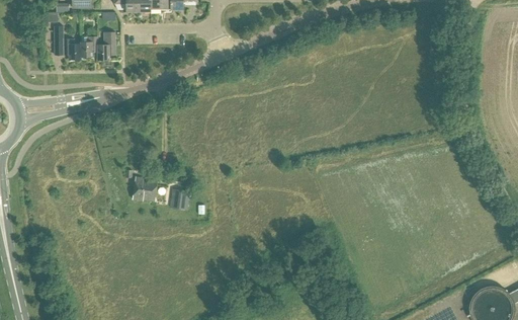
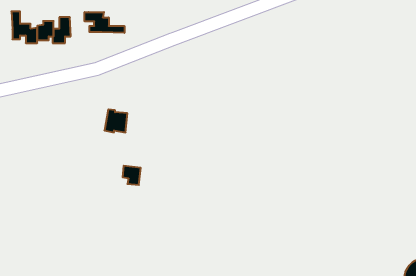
building: none -> [85,12,124,33]
building: [133,176,157,201] -> [104,109,127,132]

